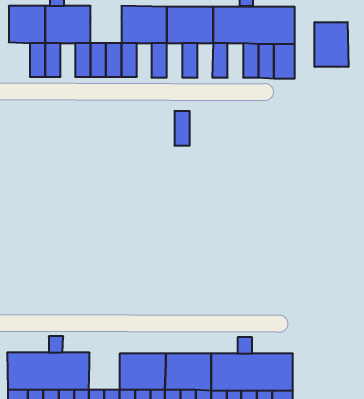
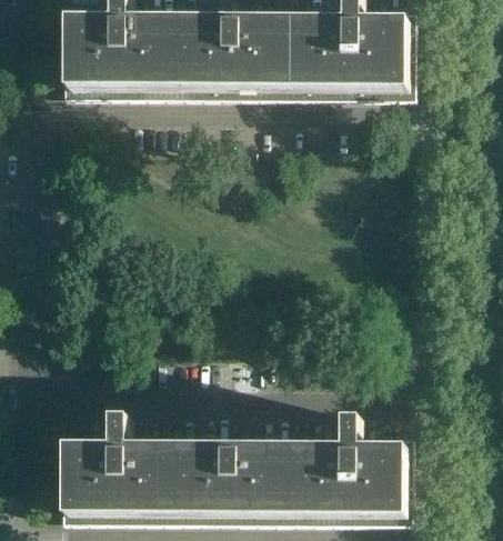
building: none -> [160,14,198,60]
building: [315,22,348,67] -> none
building: none -> [60,59,85,101]
building: none -> [123,60,141,101]
building: none -> [217,60,234,102]
building: none -> [291,60,310,102]
building: none -> [328,60,346,102]
building: [174,111,190,146] -> [253,60,272,102]
building: none -> [158,439,195,484]

